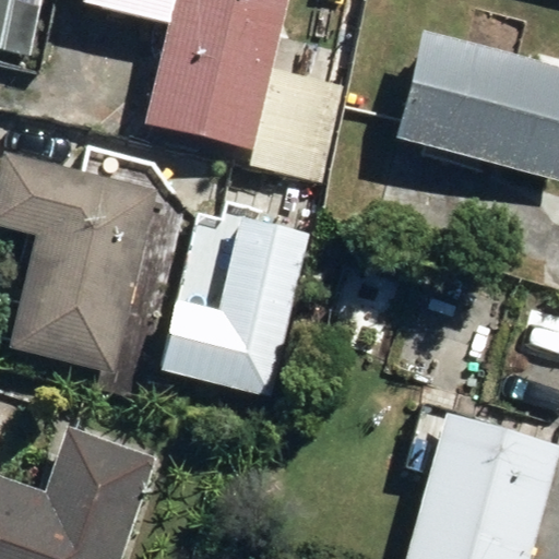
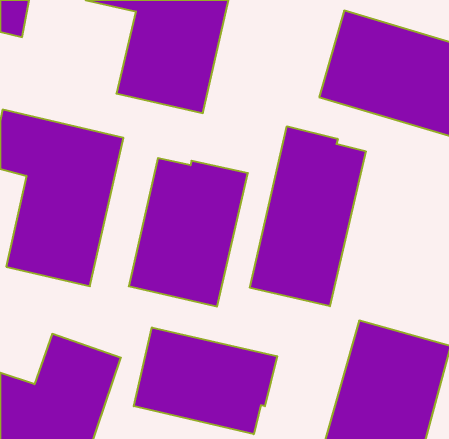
building: none -> [250,126,366,306]
building: none -> [134,327,277,434]

